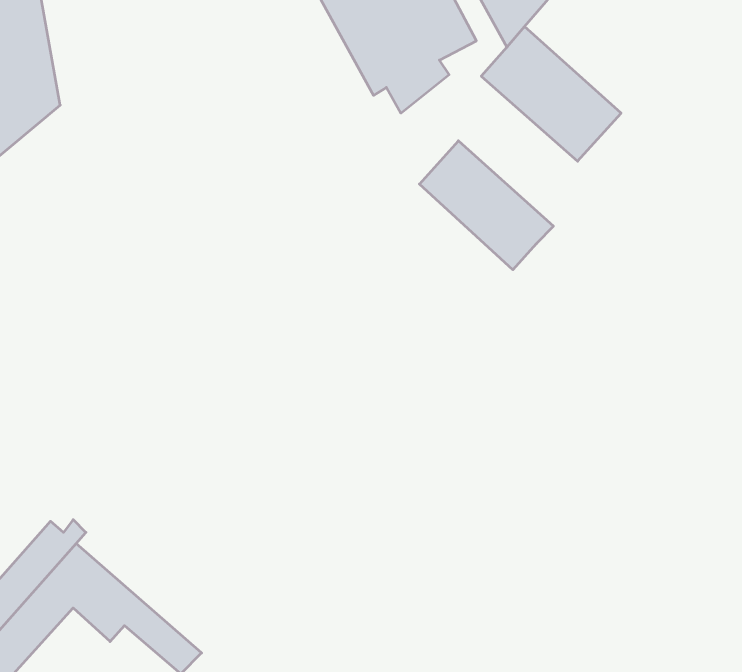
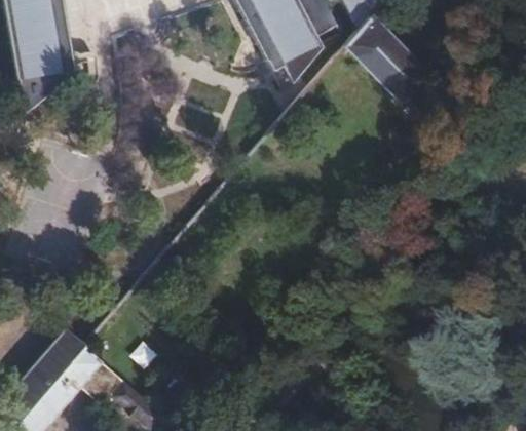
building: [419,141,553,270] -> none

